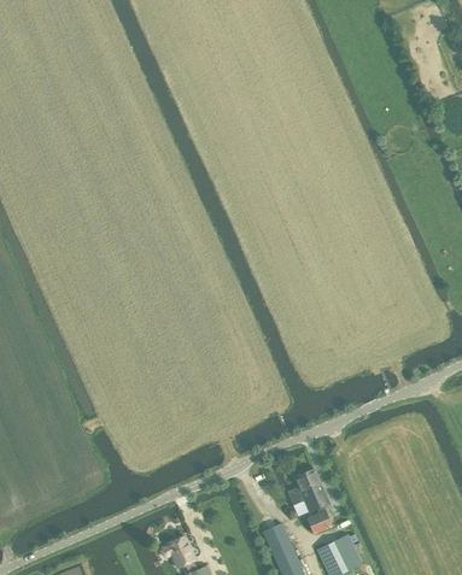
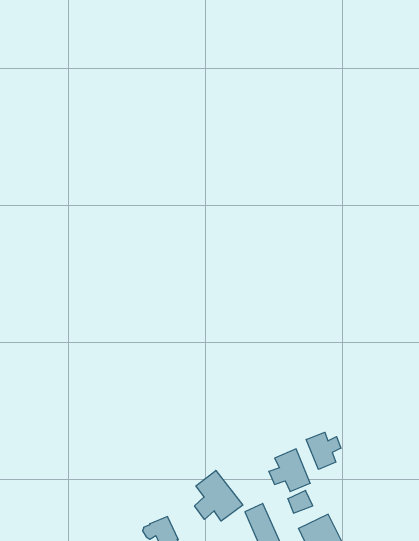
building: none -> [306,432,341,469]
building: none -> [195,470,243,521]

